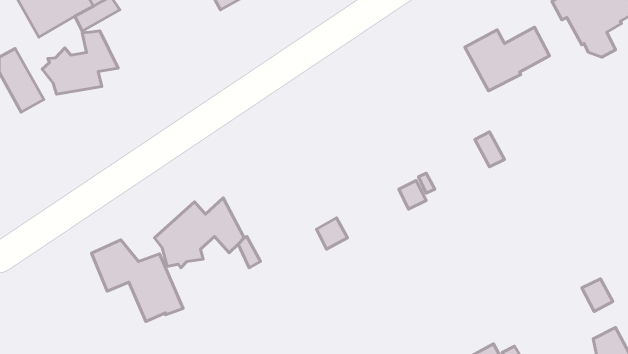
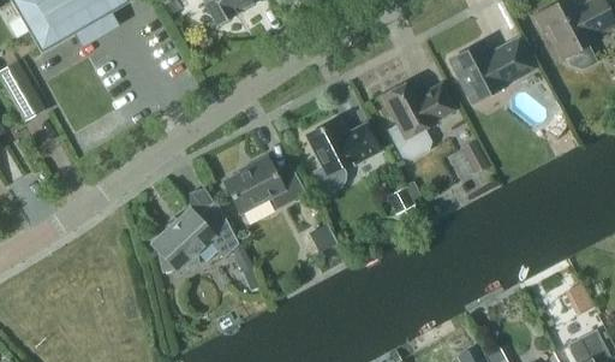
building: [42,31,118,94] -> none
building: none -> [382,79,454,160]
building: none -> [306,120,381,189]
building: none -> [223,155,305,213]
building: [91,240,183,322] -> none

